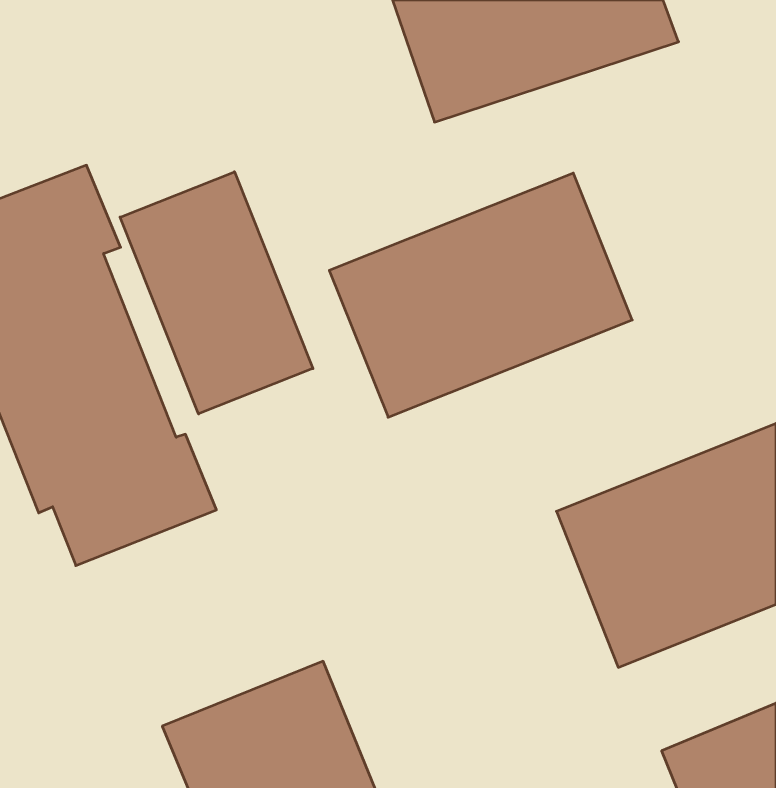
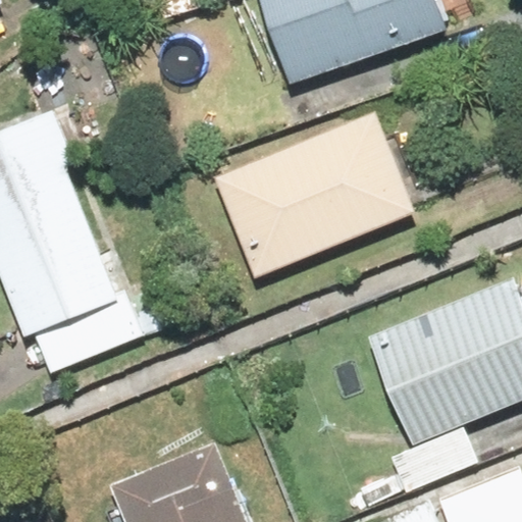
building: [120,172,313,414] -> none

